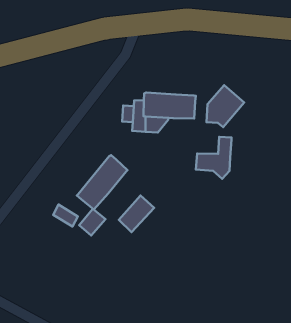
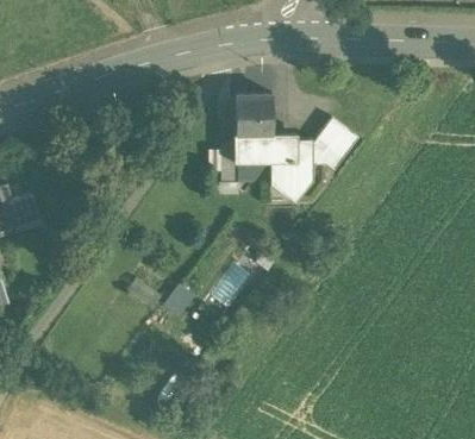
building: none -> [236,94,273,133]
building: [196,137,232,179] -> [271,140,313,193]
building: [77,155,127,210] -> none

